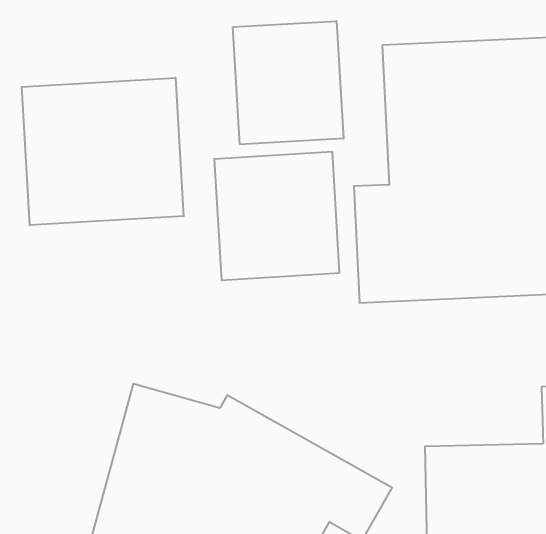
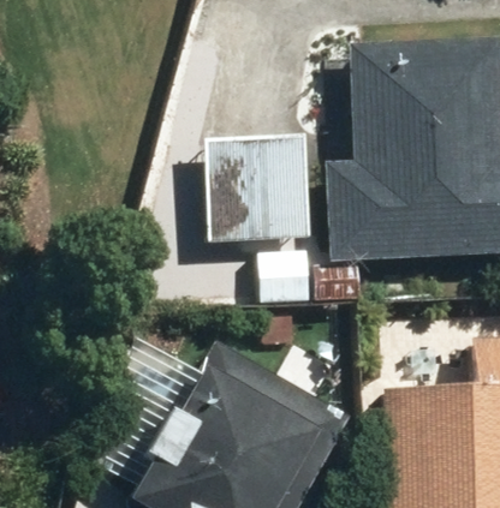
building: [233,21,344,144] -> none
building: [22,78,184,225] -> none

